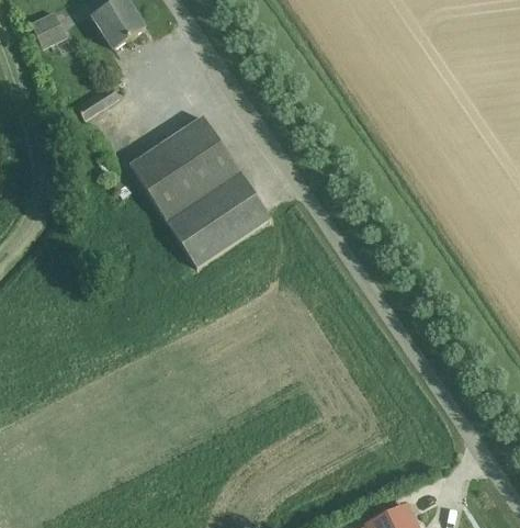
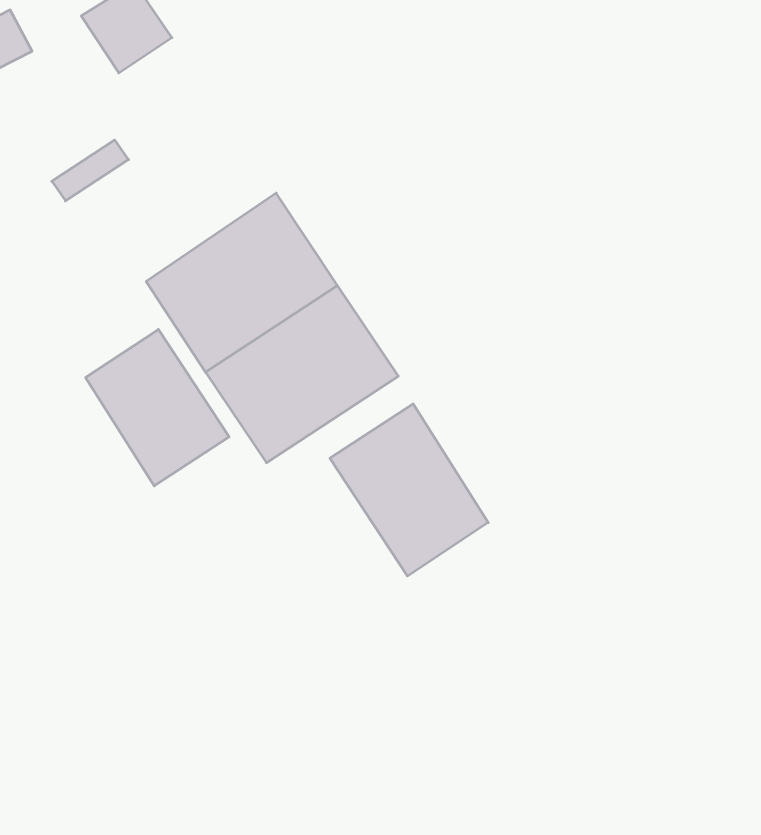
building: none -> [86,329,229,486]
building: none -> [330,404,488,576]

